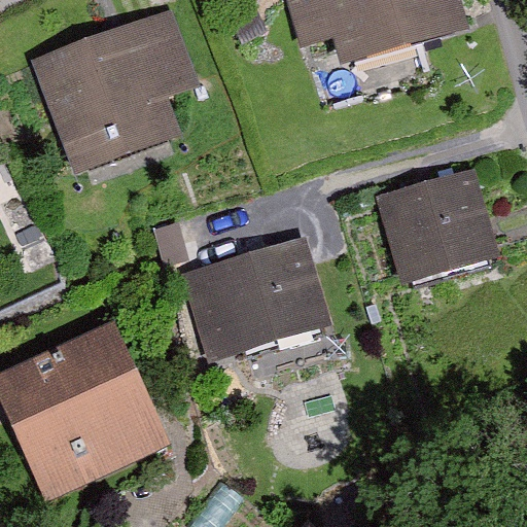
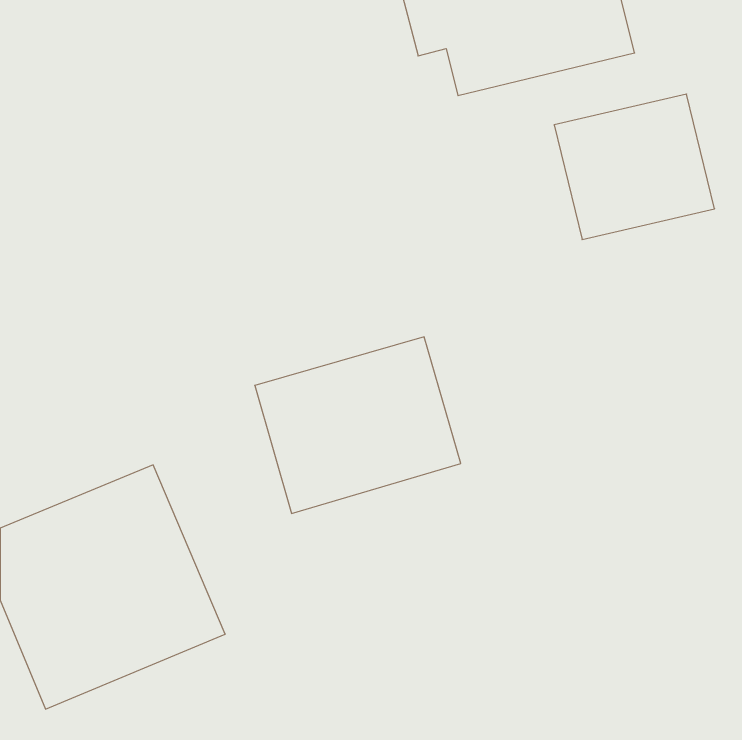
building: [36,10,204,167] -> none
building: [379,177,491,279] -> [554,94,715,240]

